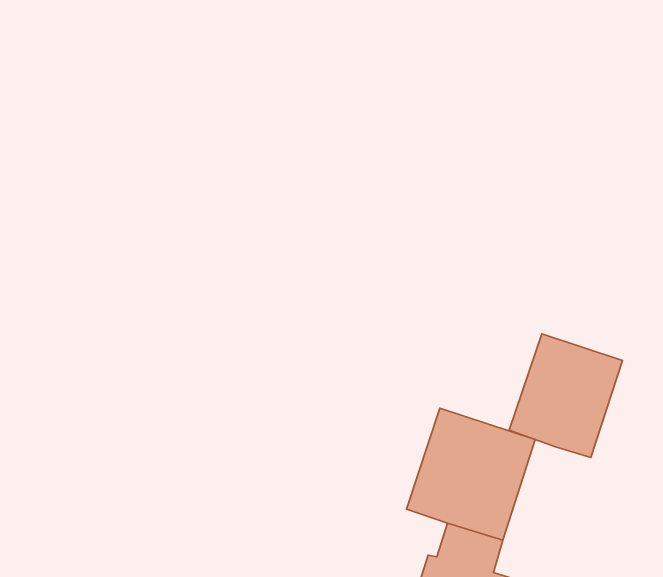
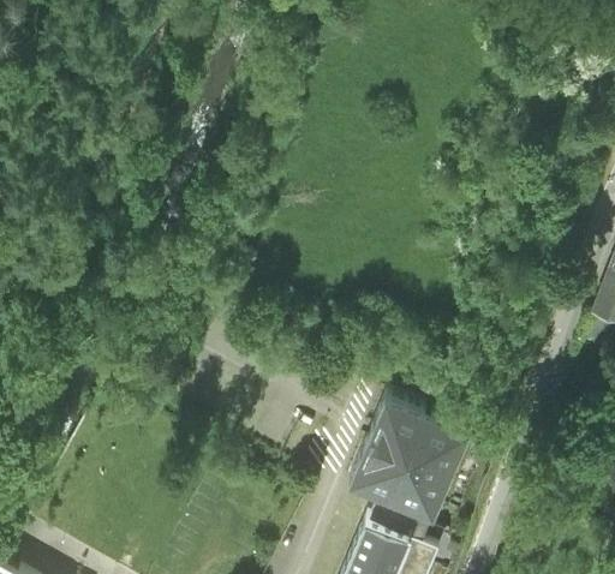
building: [509,334,623,458] -> none

